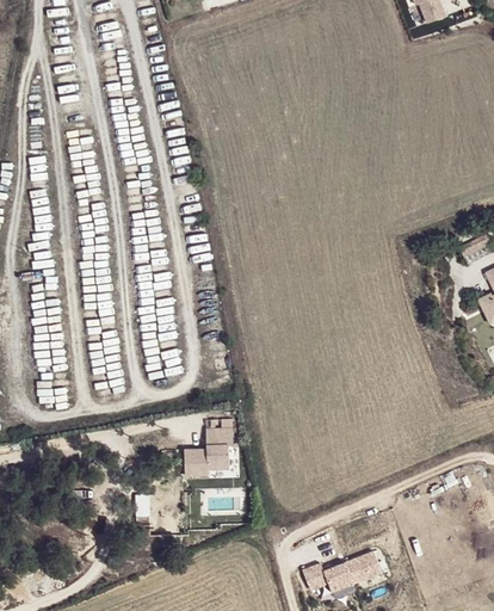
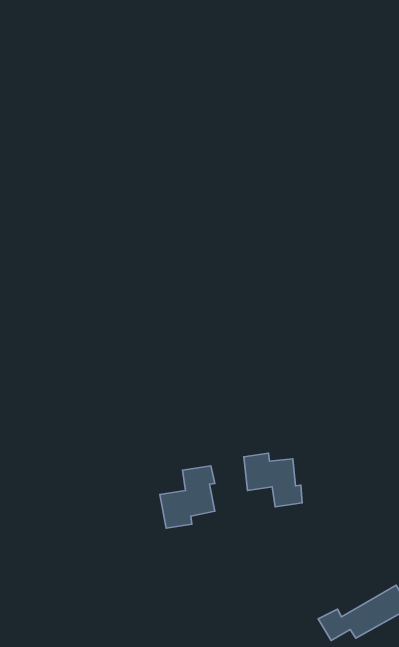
building: none -> [244,453,302,507]

